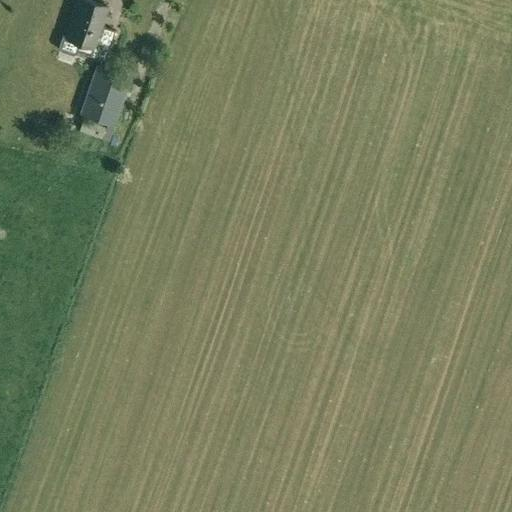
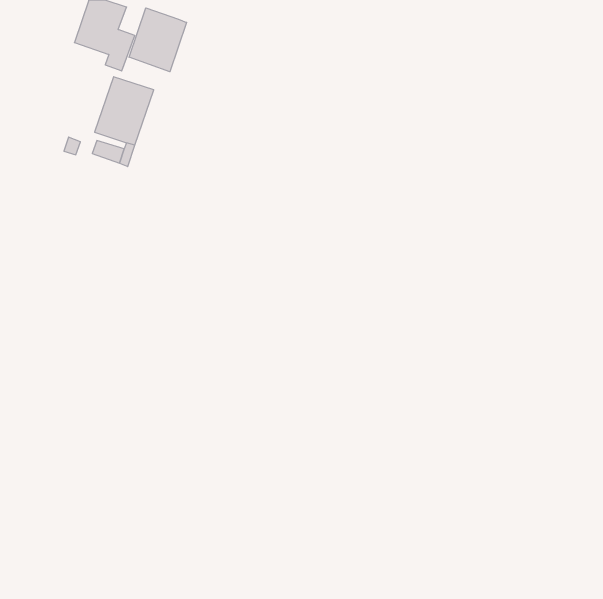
building: none -> [129,8,187,72]

